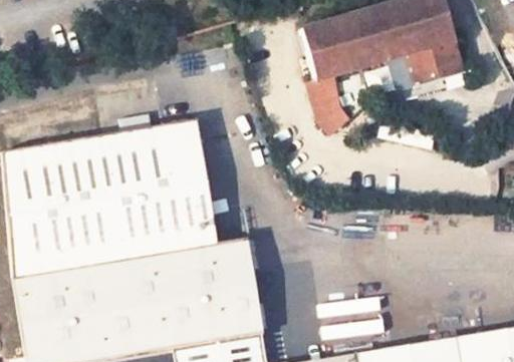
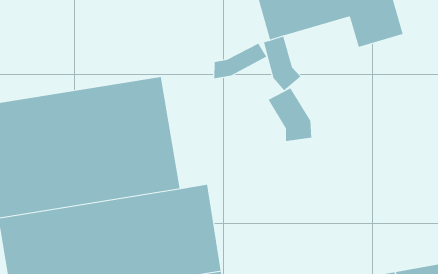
building: none -> [214,43,267,79]
building: none -> [268,87,312,142]

